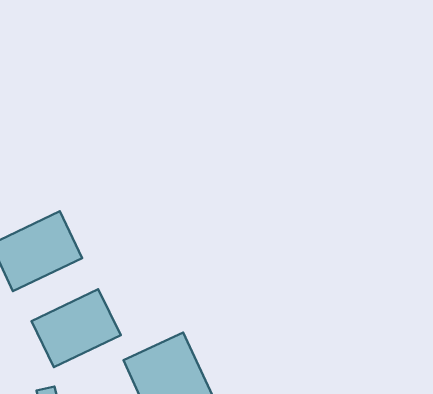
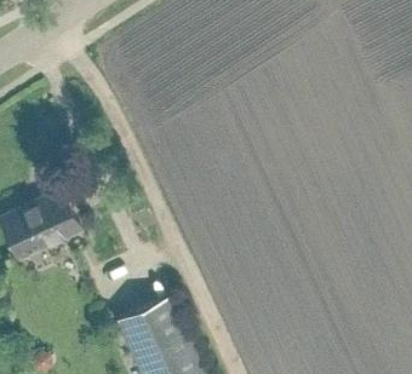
building: [31,289,121,367] -> none

